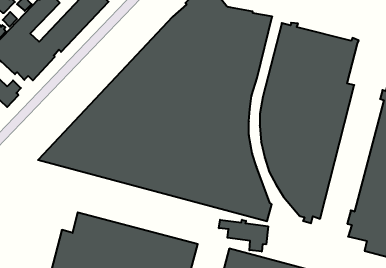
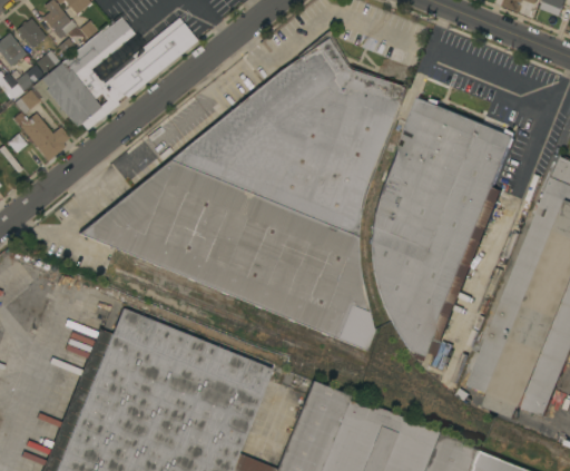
building: [219,220,268,252] -> none

